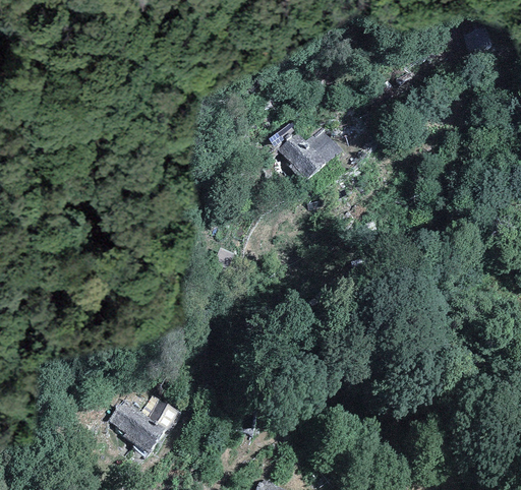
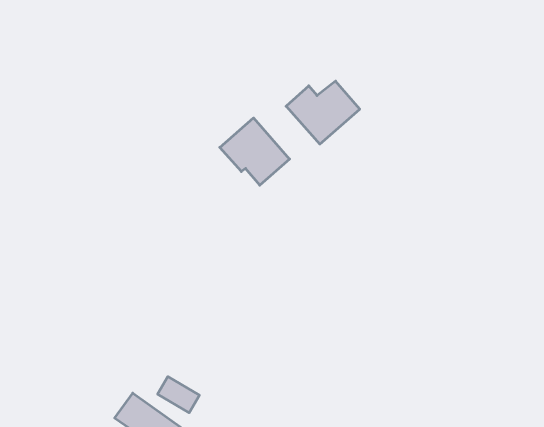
building: none -> [220,118,290,185]

